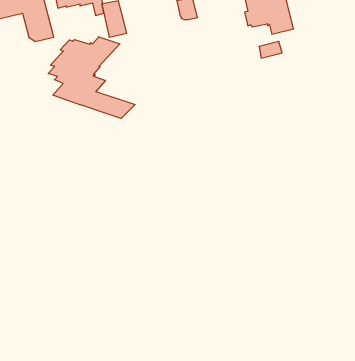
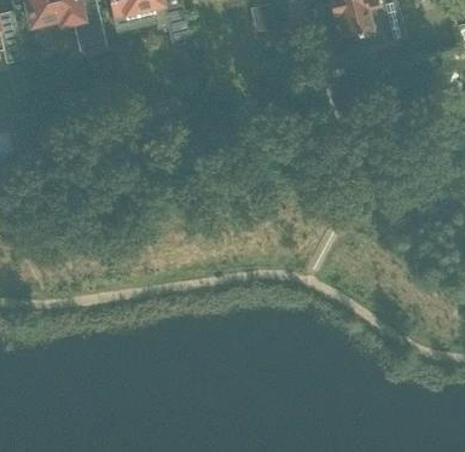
building: [48,37,135,118] -> none

